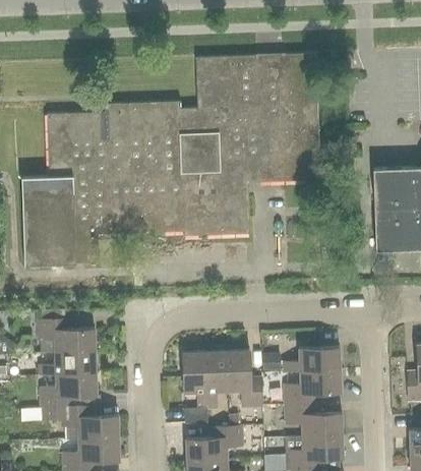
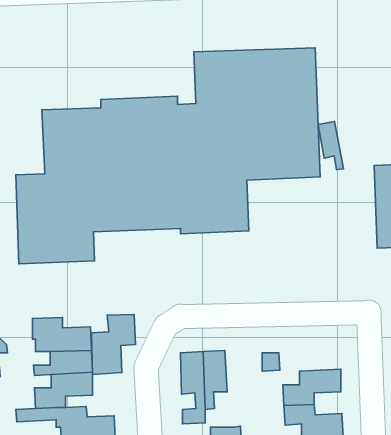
building: none -> [318,121,344,169]
building: none -> [91,315,135,374]
building: [283,348,341,373] -> none
building: [227,351,262,409] -> none

